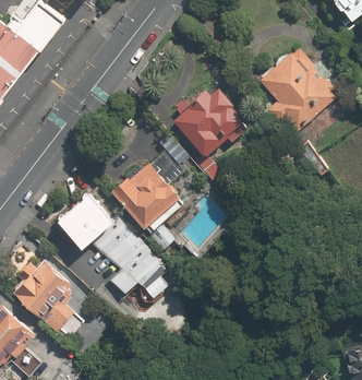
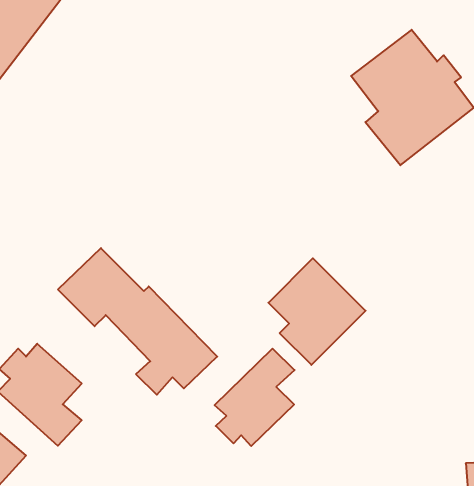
building: [173,88,249,159] -> none
building: [120,159,186,233] -> [268,258,366,365]
building: none -> [215,349,295,446]

